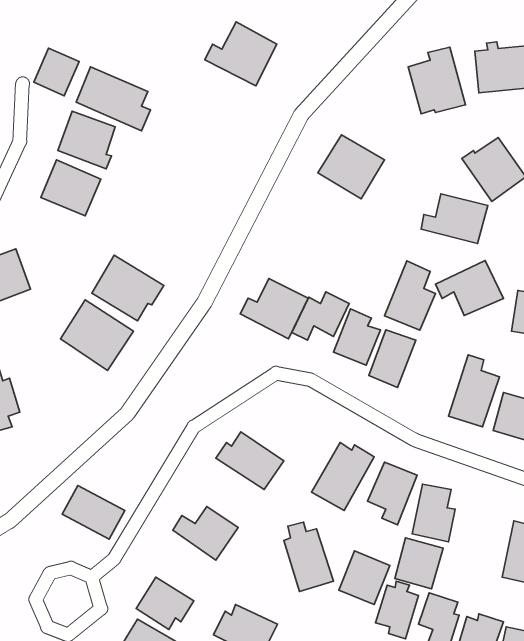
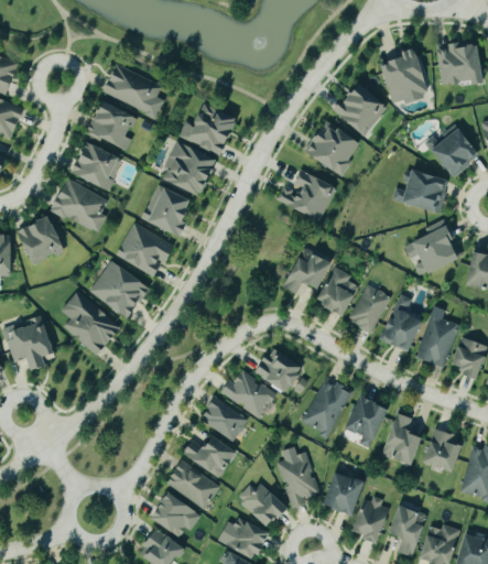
building: [205,22,277,86] -> [178,101,239,155]
building: [34,48,79,96] -> none
building: none -> [332,82,386,135]
building: none -> [160,140,219,196]
building: none -> [50,177,108,234]
building: none -> [141,183,195,236]
building: [385,261,436,330] -> [380,293,423,351]
building: [240,279,308,339] -> [278,170,335,220]
building: none -> [59,291,120,355]
building: none -> [254,346,308,394]
building: none -> [198,397,248,440]
building: [62,486,125,539] -> [165,462,218,507]
building: [395,538,443,589] -> [425,429,466,471]
building: none -> [235,482,288,529]

